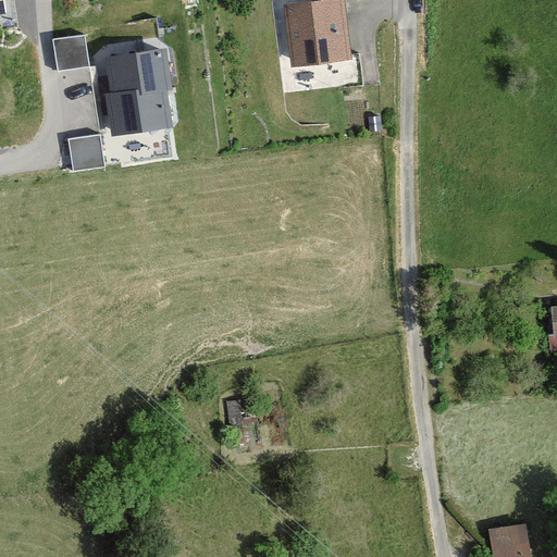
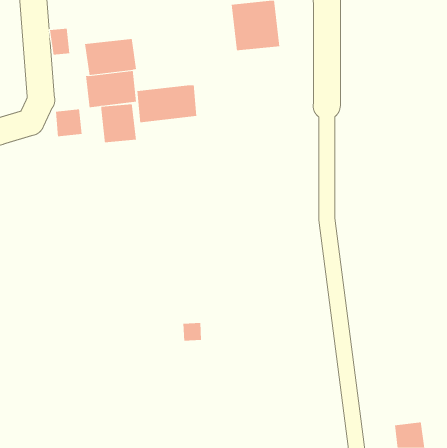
building: none -> [137,85,197,123]
building: none -> [101,103,136,143]

